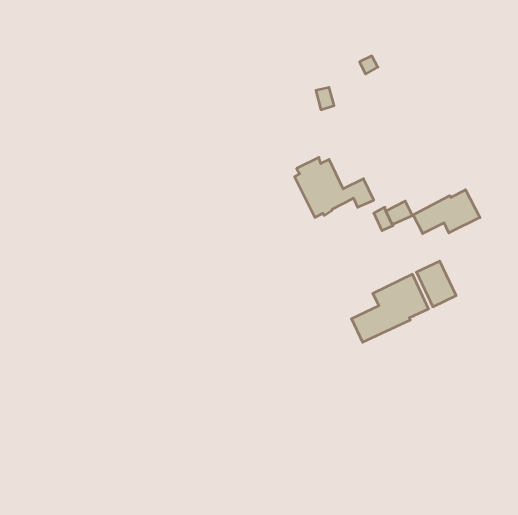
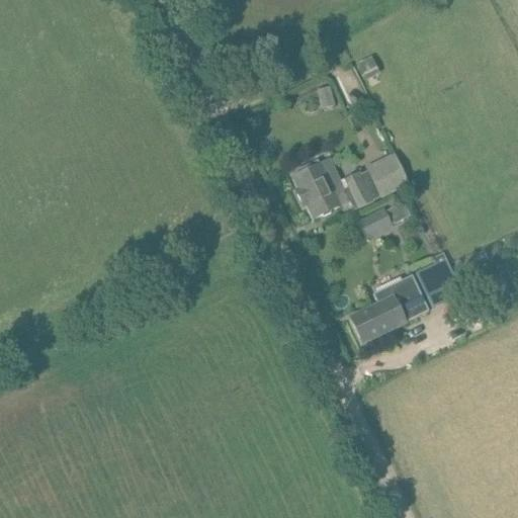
building: none -> [371,164,406,197]
building: [413,190,480,234] -> none

